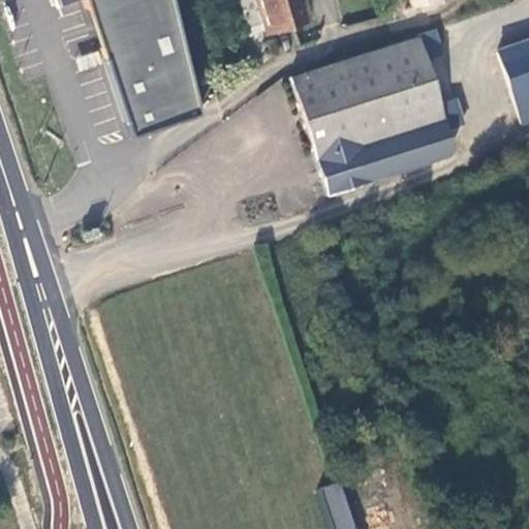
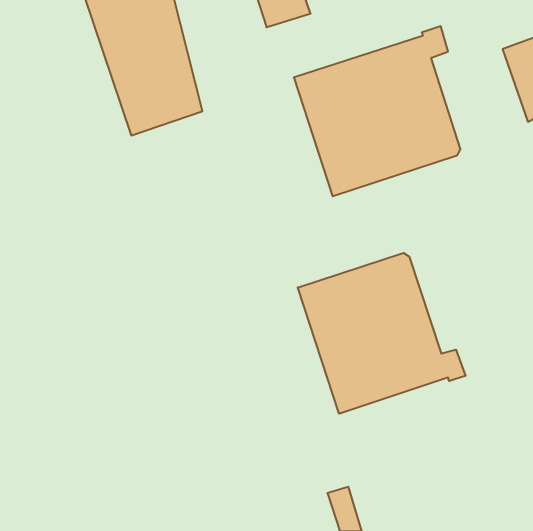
building: none -> [298,253,465,414]

